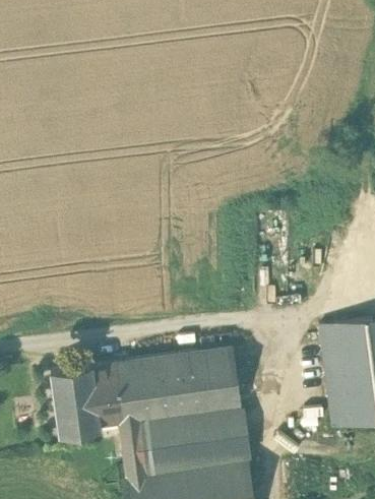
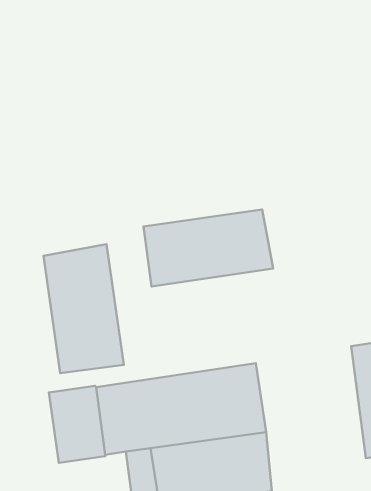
building: none -> [144,210,273,287]
building: none -> [43,244,124,373]

